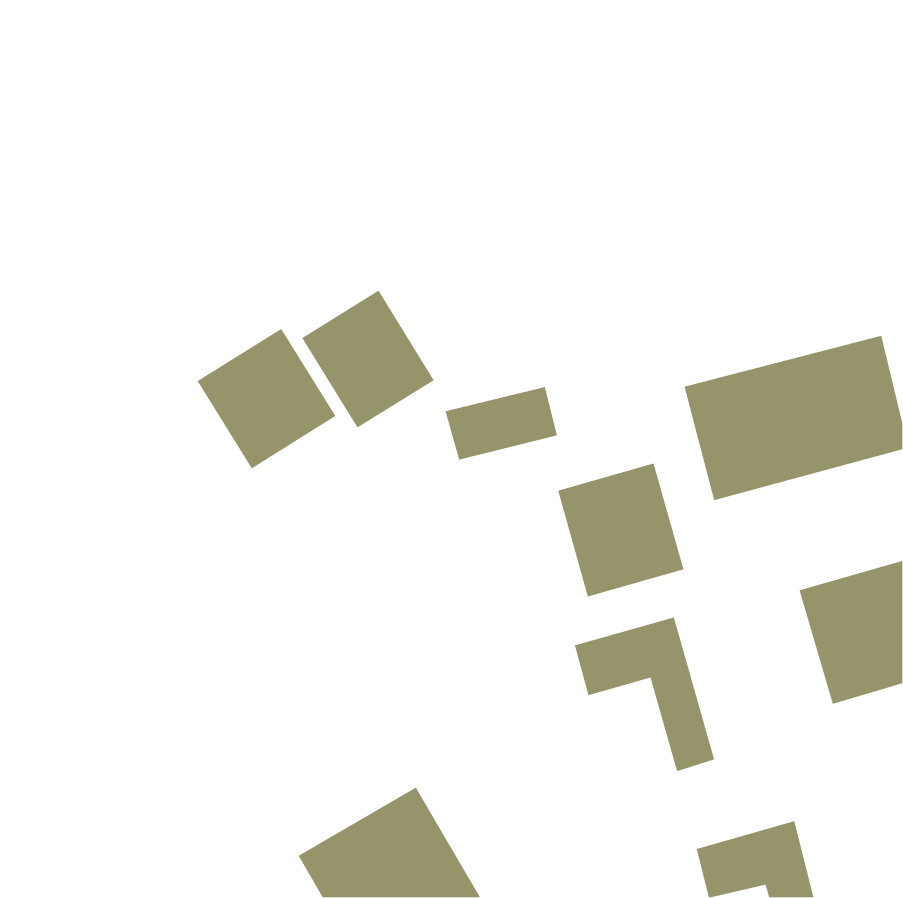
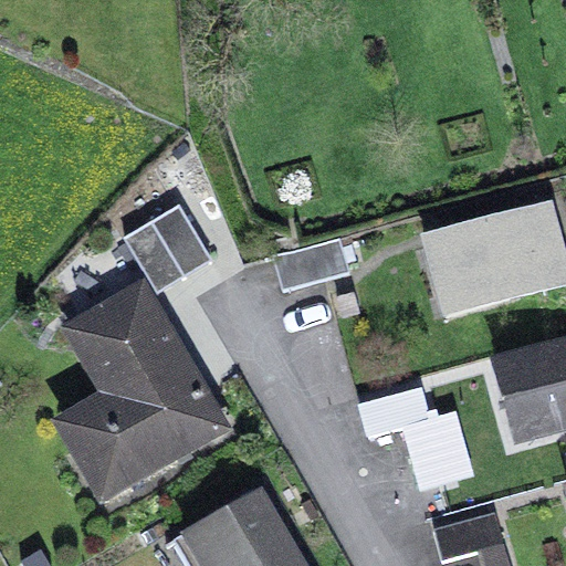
building: [301,289,435,429] -> none
building: [557,463,684,598] -> none
building: none -> [69,290,222,499]

